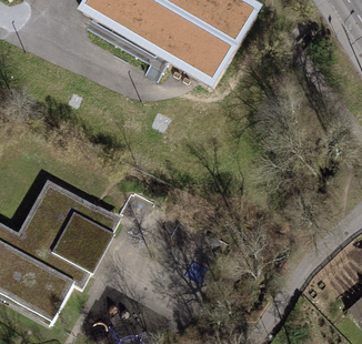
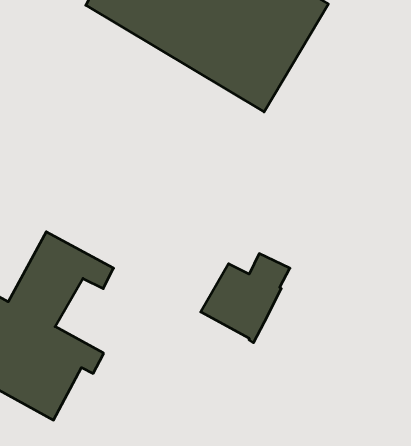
building: [54,205,122,273] -> [201,254,290,343]

